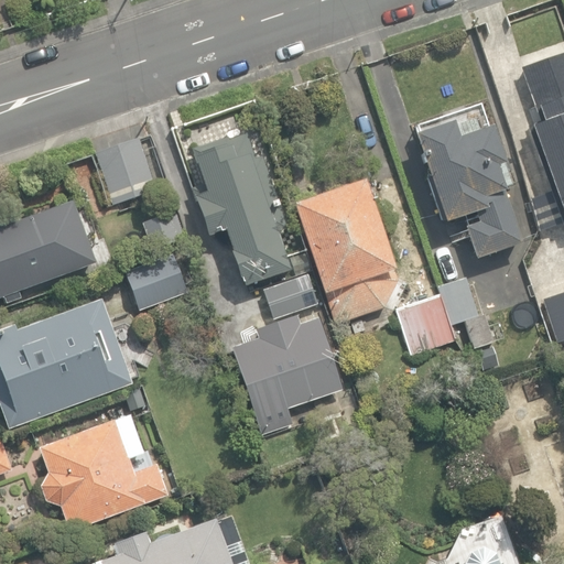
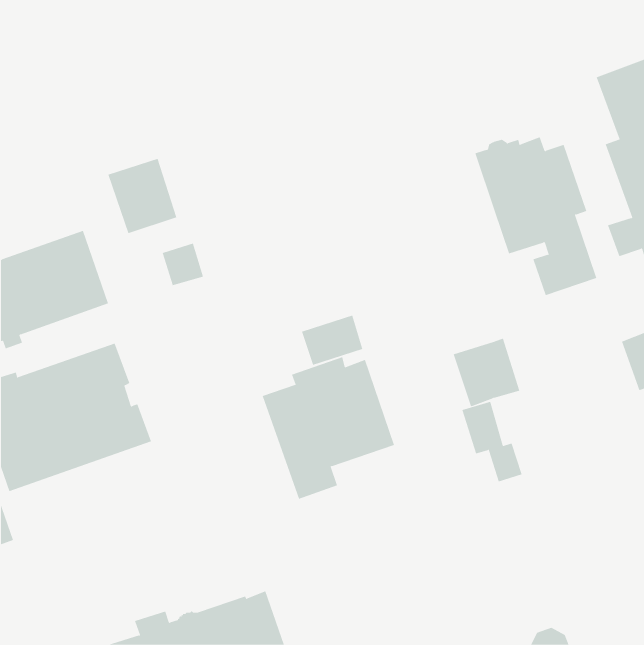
building: [193,134,291,286] -> none
building: [294,181,398,324] -> none
building: [127,253,188,310] -> none
building: [442,278,495,348] -> [462,401,522,482]
building: [41,414,170,530] -> none

